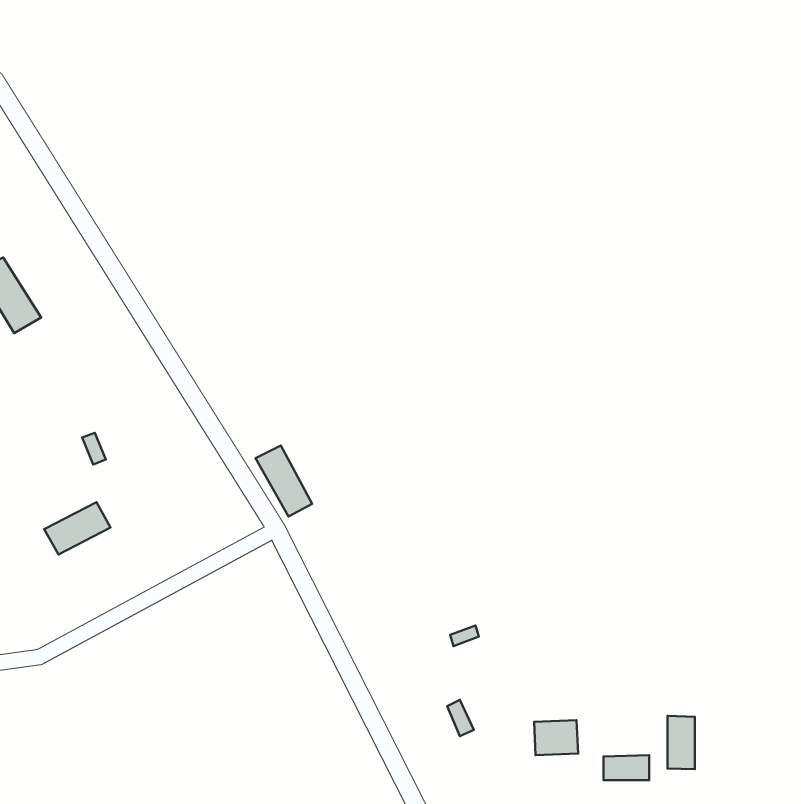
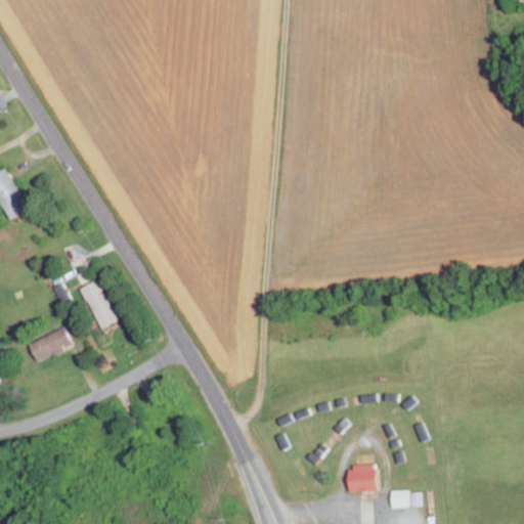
building: [255,445,312,517] -> [80,281,117,328]
building: [667,716,695,769] -> none

